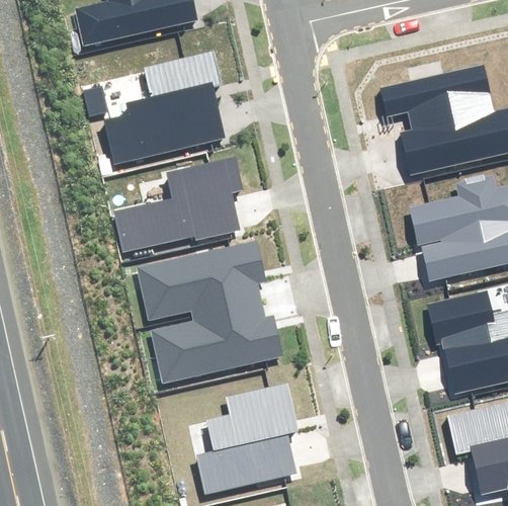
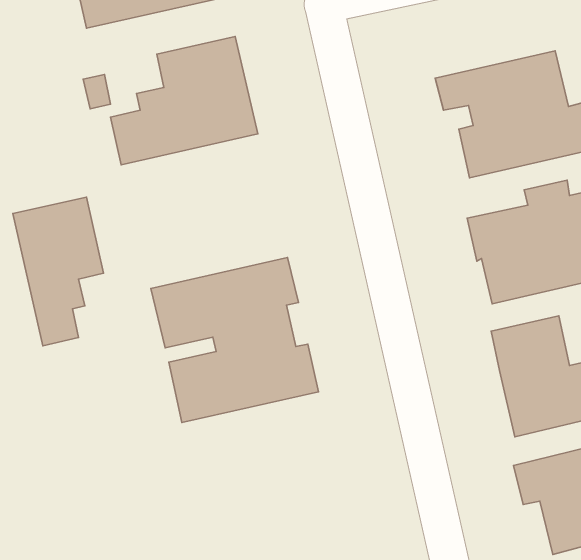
building: [115,158,242,250] -> none
building: none -> [13,197,104,346]
building: [196,386,297,492] -> none

